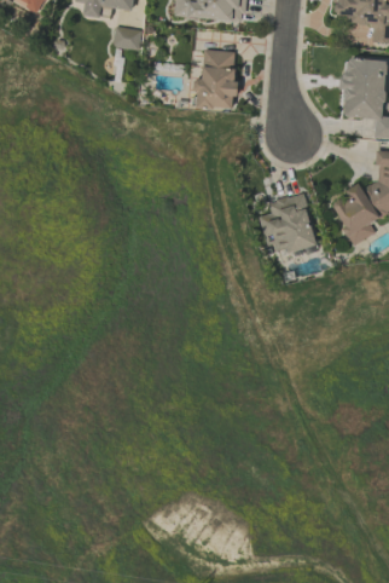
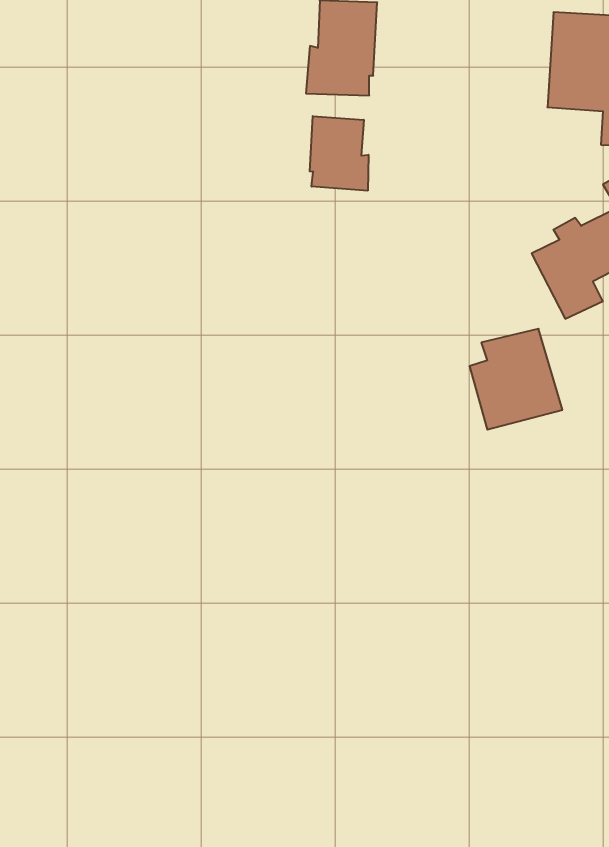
building: none -> [310,116,368,191]
building: [260,194,317,255] -> [469,329,562,430]

